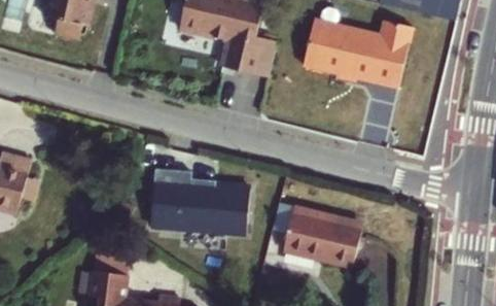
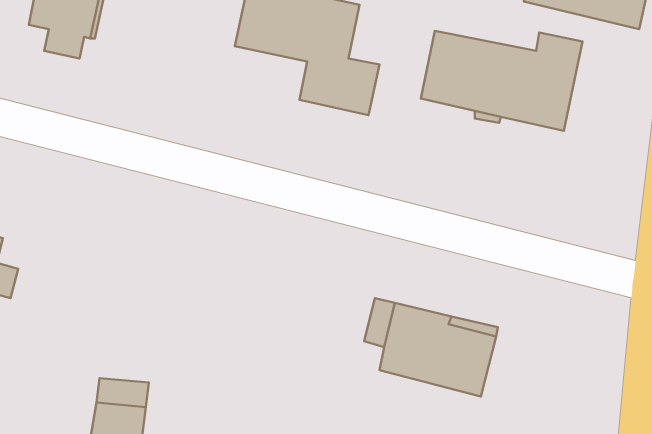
building: [148,170,248,235] -> none

